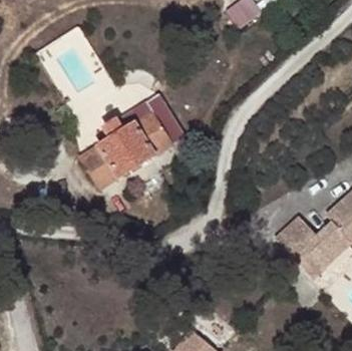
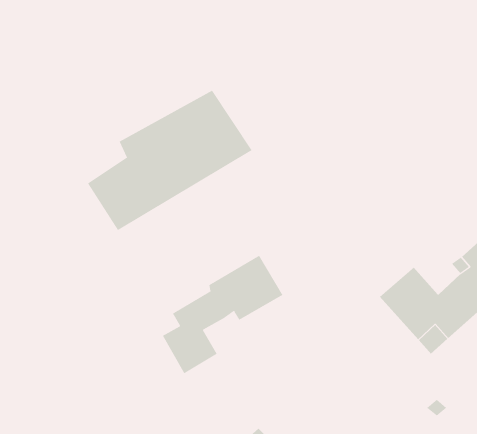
building: none -> [162,255,283,374]

